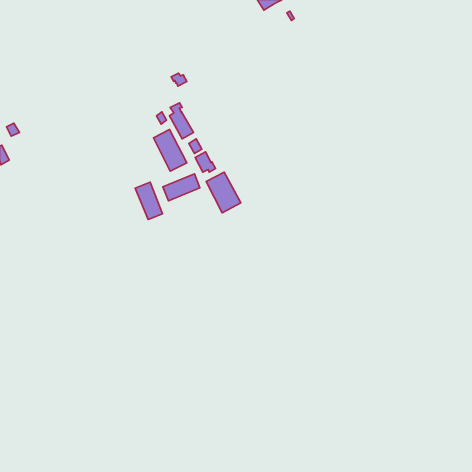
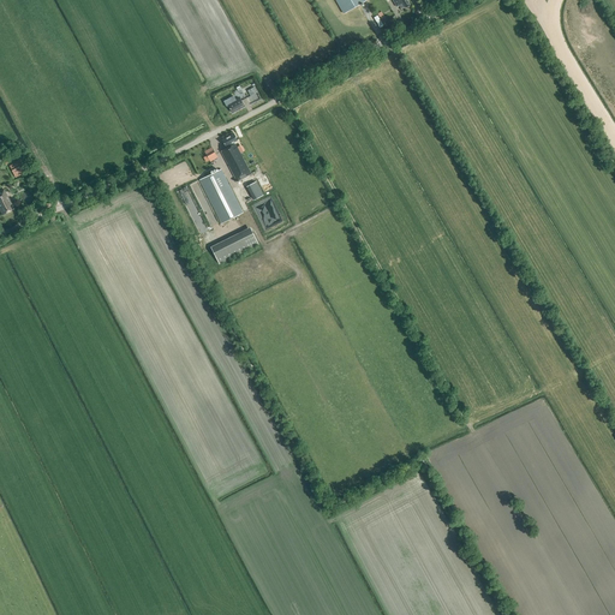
building: [206,172,241,213] -> none
building: [135,182,163,219] -> none

